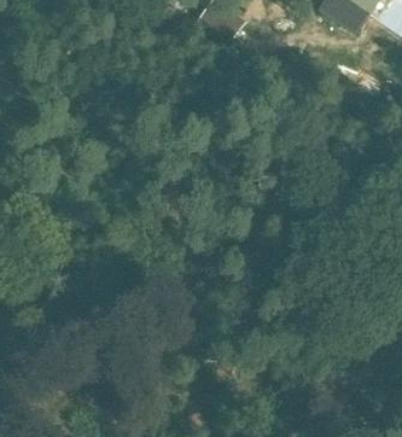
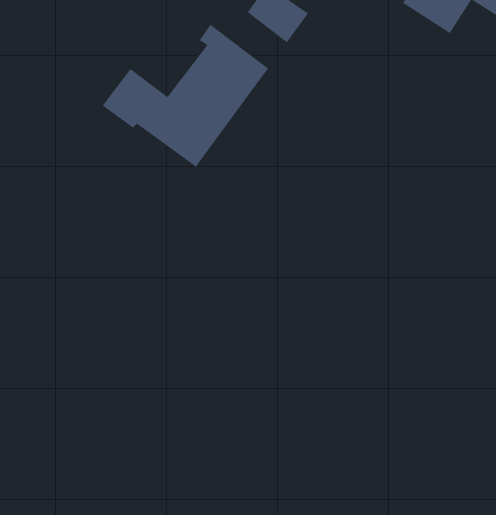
building: none -> [102,24,269,167]

